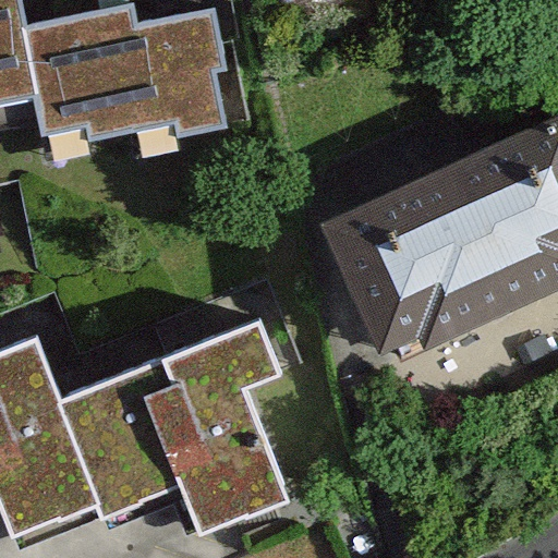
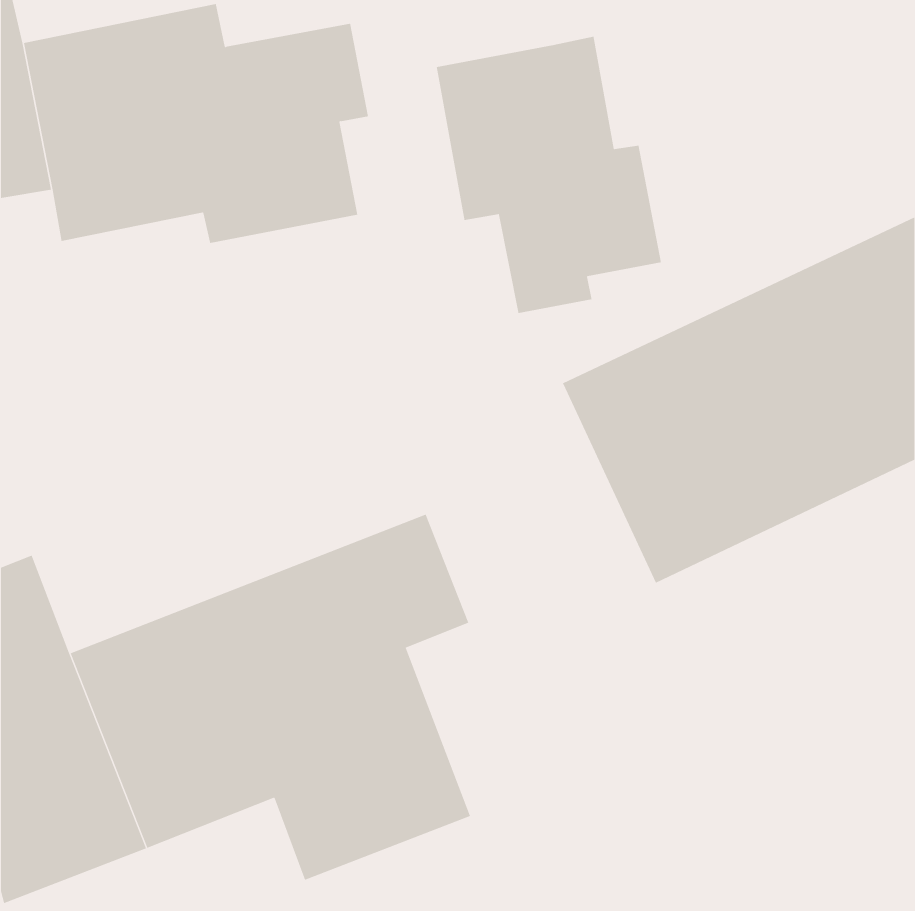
building: none -> [436,36,662,314]

